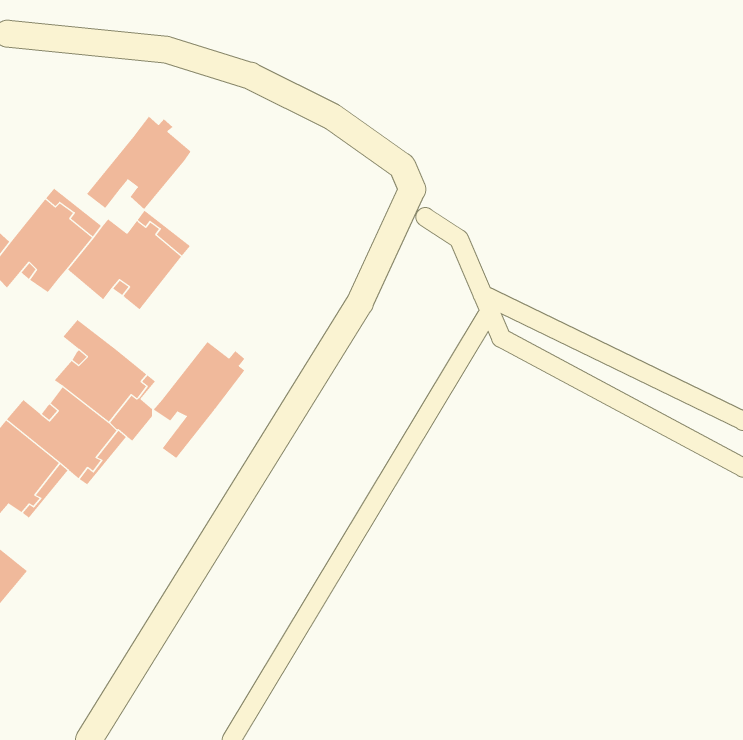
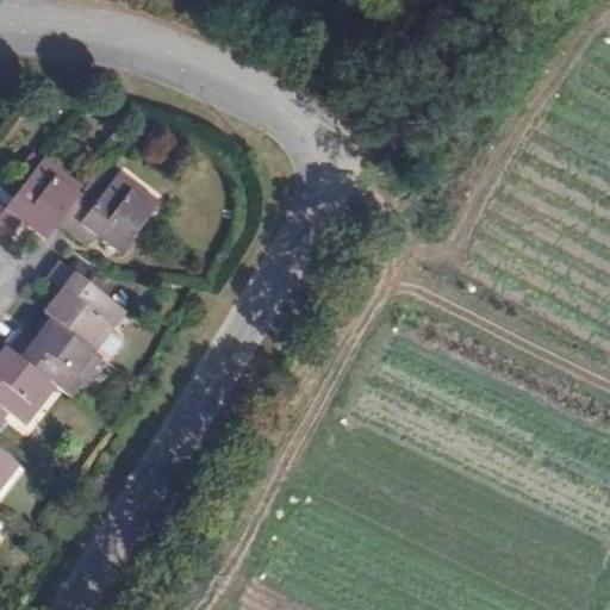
building: [86,116,192,210] -> none
building: [153,341,245,459] -> none

